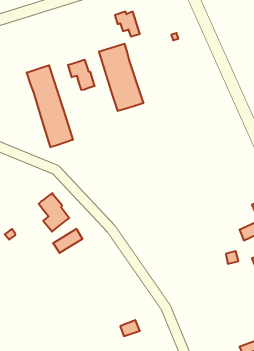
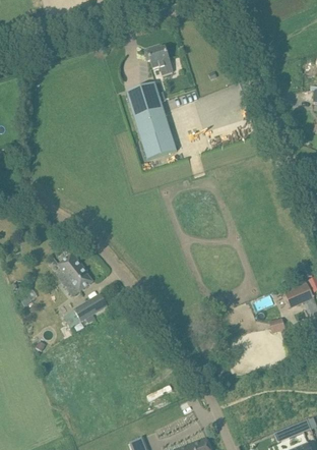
building: [68,60,95,90] -> none
building: [27,65,73,147] -> none

